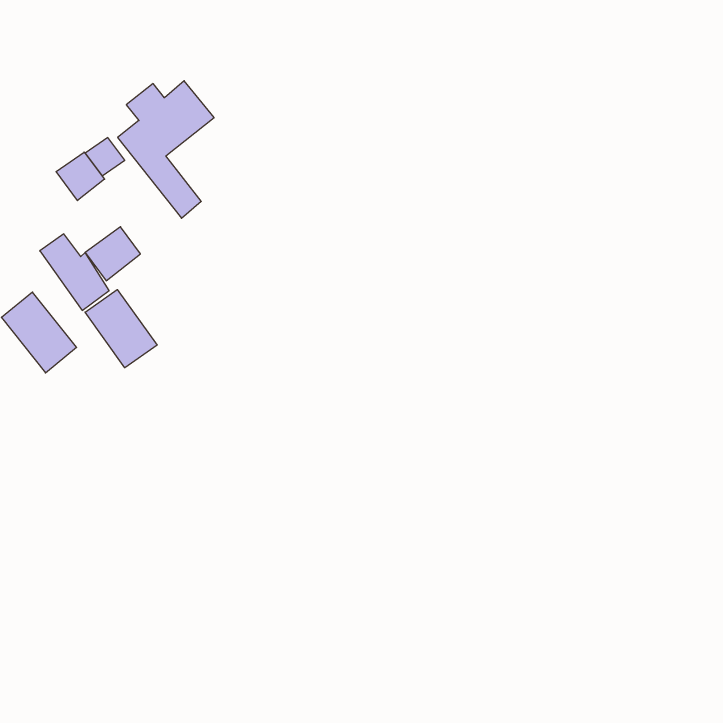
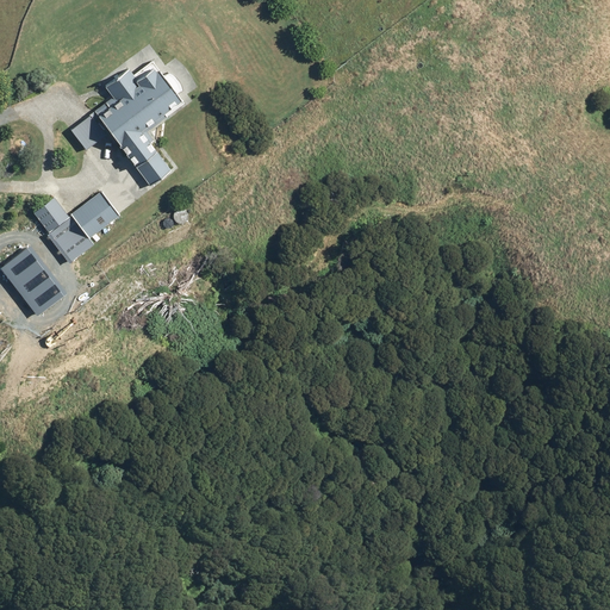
building: [56,152,105,201] -> none
building: [85,290,157,368] -> none

